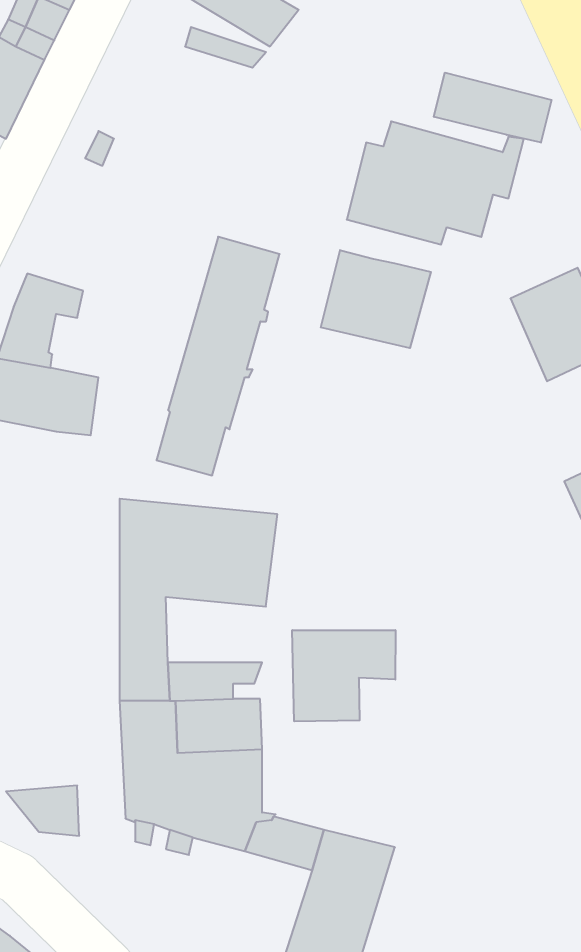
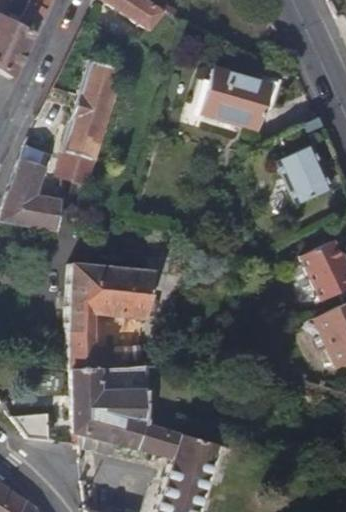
building: [434,73,552,143] -> none
building: [156,237,280,475] -> [57,59,121,183]
building: [321,250,431,348] -> none
building: [292,630,395,721] -> none

